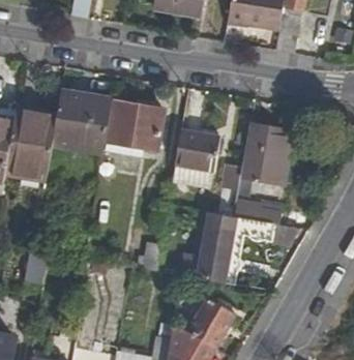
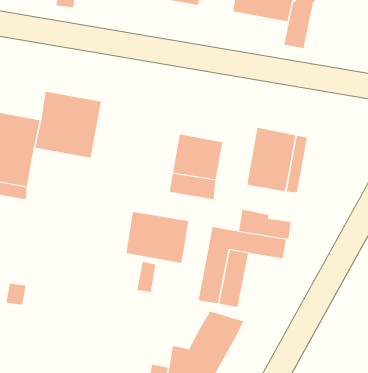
building: [107,102,164,149] -> [125,211,189,263]

